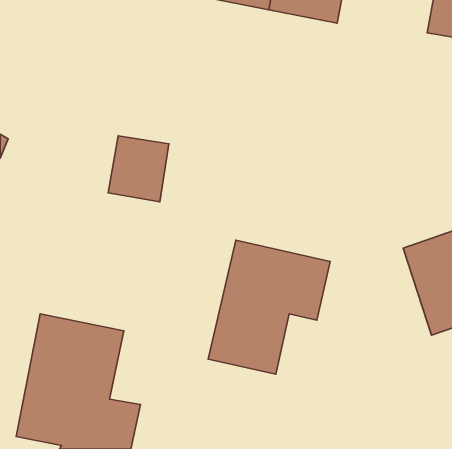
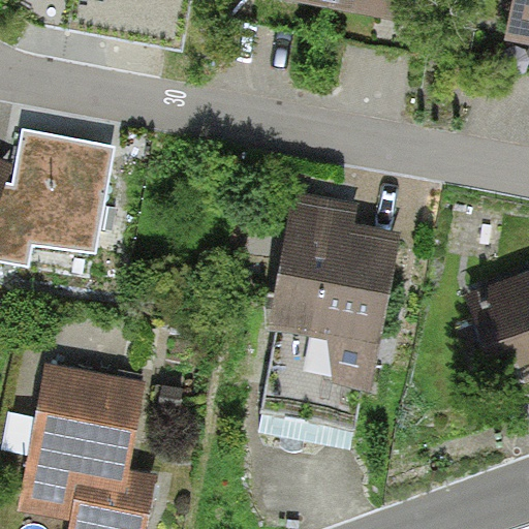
building: [108,136,169,202] -> [29,161,99,238]
building: none -> [277,192,406,304]

